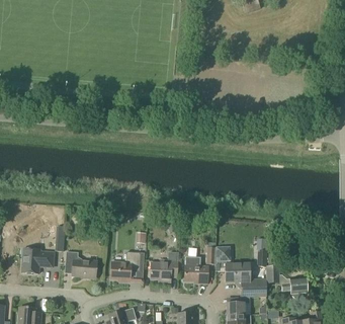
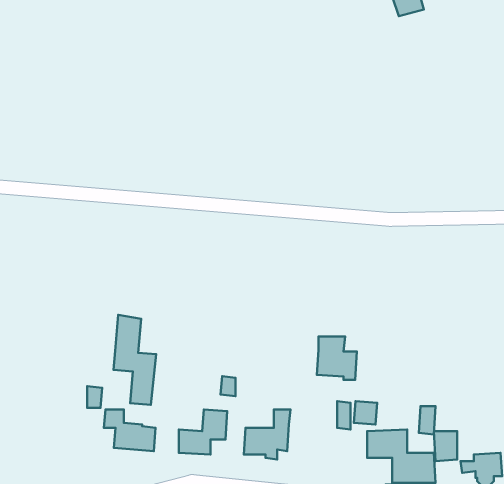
building: none -> [114,315,156,405]
building: [22,248,54,272] -> none
building: [184,256,208,282] -> [317,336,357,380]

